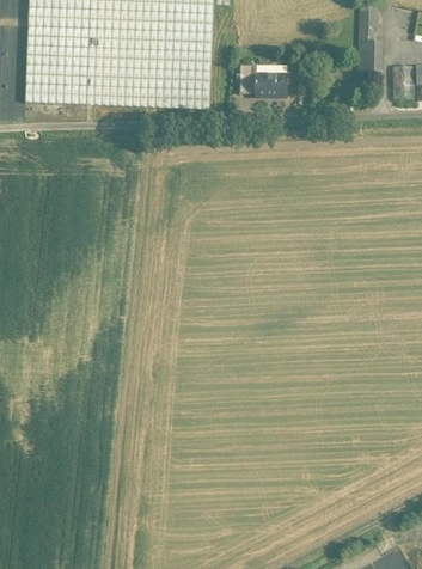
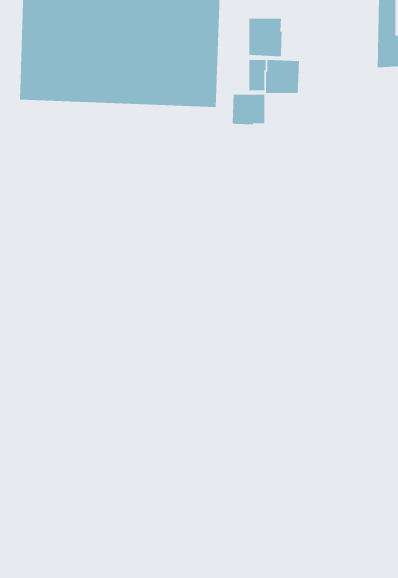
building: none -> [248,18,283,57]
building: none -> [232,94,265,125]

